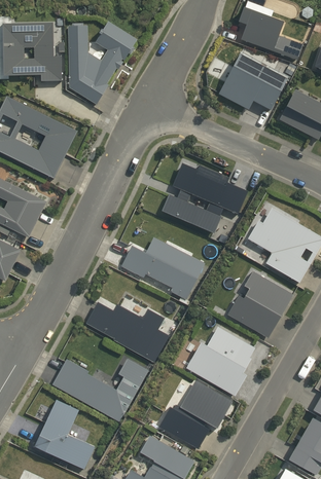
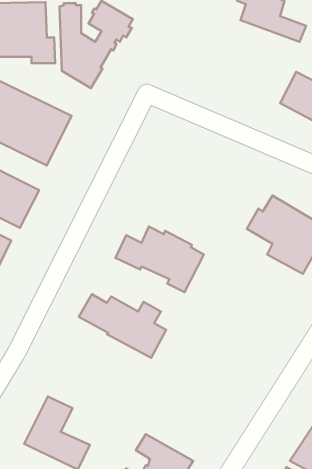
building: [218,52,287,110] -> none
building: [162,161,248,232] -> none
building: [226,270,294,339] -> none
building: [186,326,254,395] -> none
building: [51,358,149,421] -> none
building: [158,379,233,448] -> none

